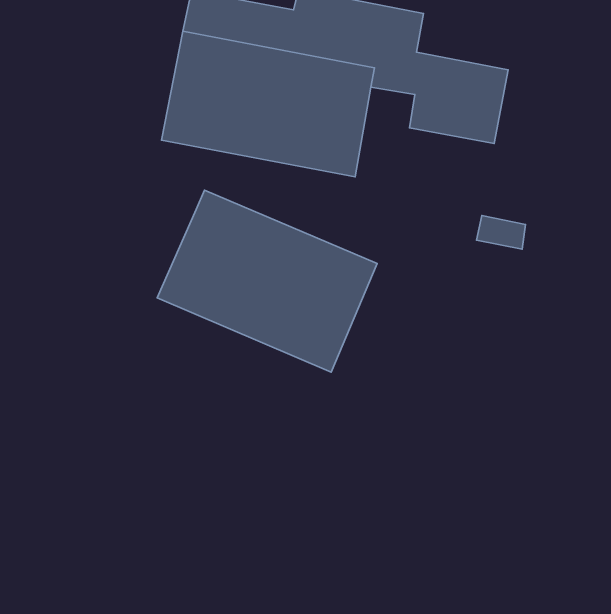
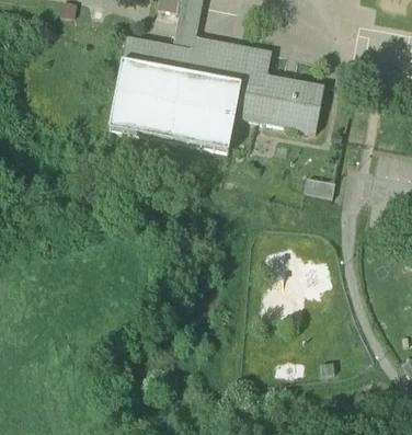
building: [157,190,377,372] -> none

